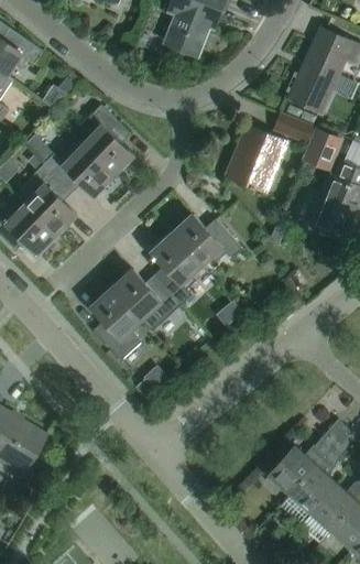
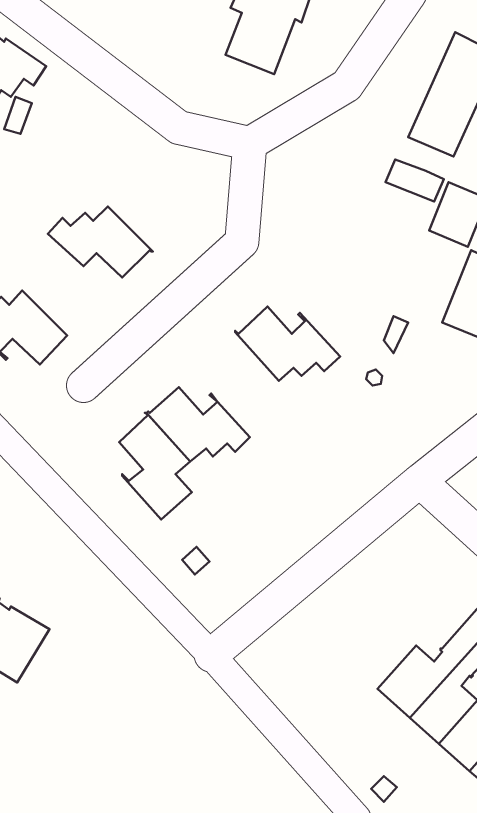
building: [85,104,133,176] -> none
building: [226,124,287,192] -> none
building: [22,164,76,235] -> none
building: [152,231,201,303] -> none

